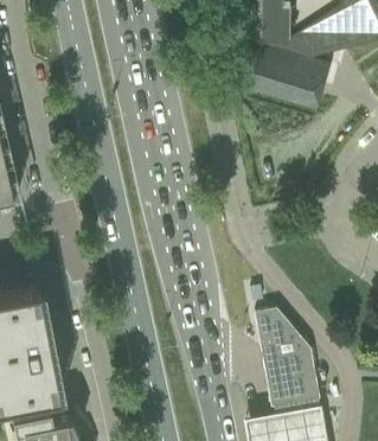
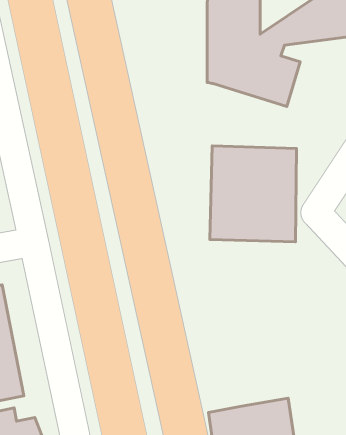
building: none -> [210,146,297,242]
building: [254,308,318,405] -> none

